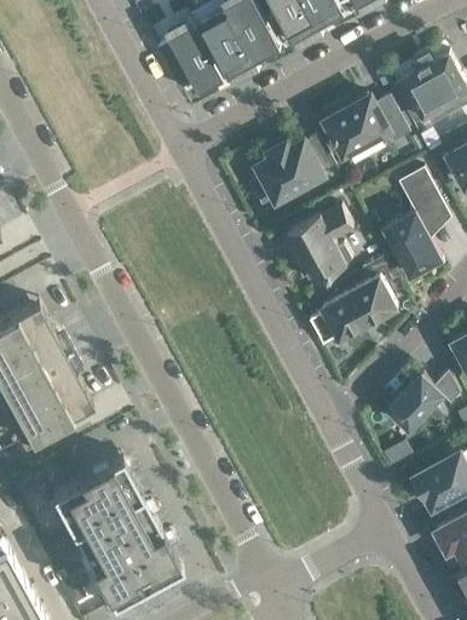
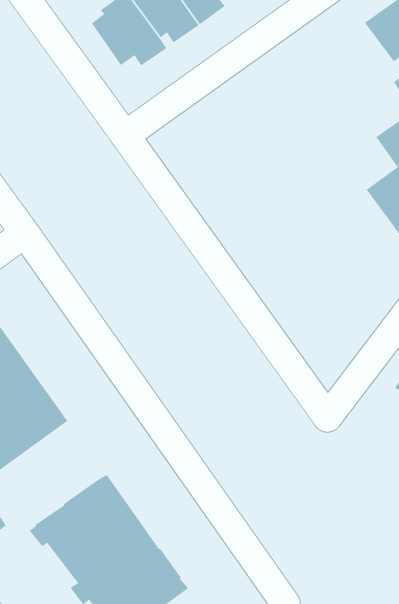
building: [324,97,409,168] -> none
building: [256,136,335,202] -> none
building: [287,208,352,286] -> none
building: [309,277,397,345] -> none

